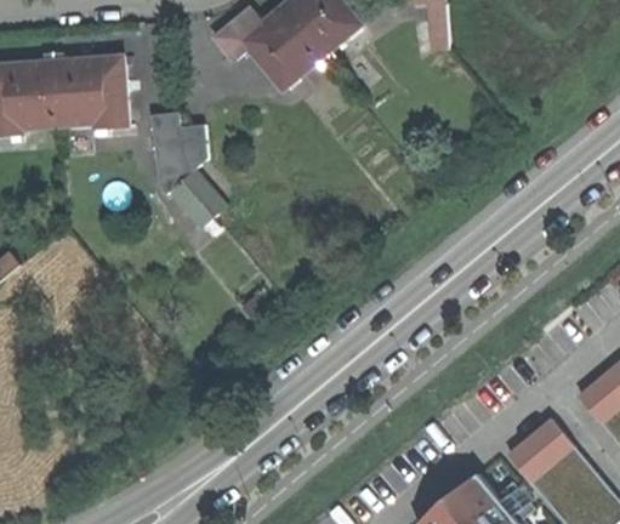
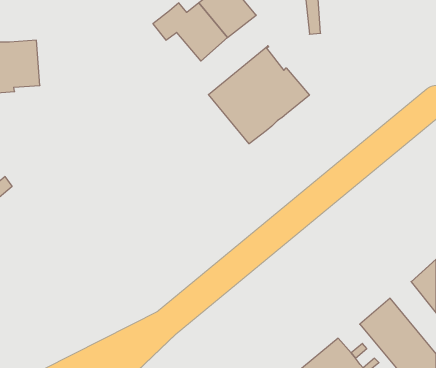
building: [53,55,129,126] -> none
building: none -> [208,46,309,144]
building: [152,108,223,224] -> none

